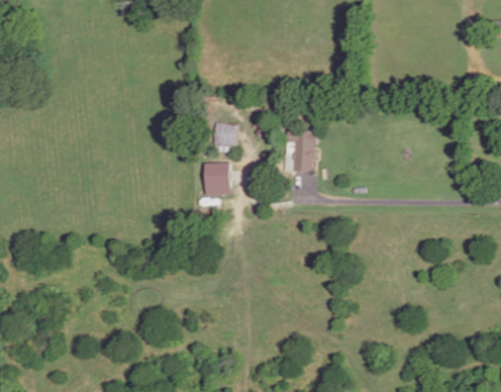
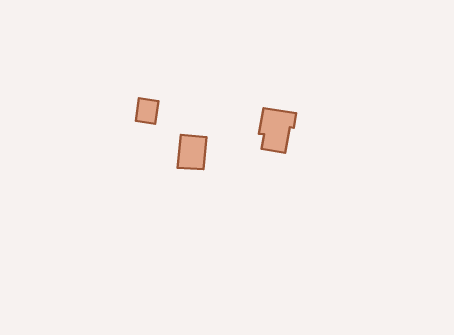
building: [213,122,233,145] -> [136,98,158,124]

